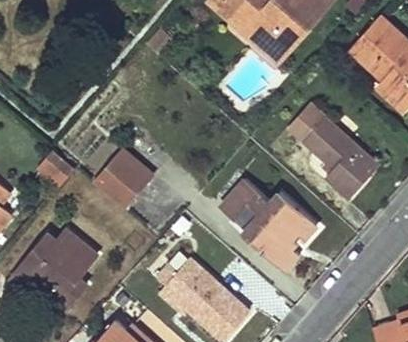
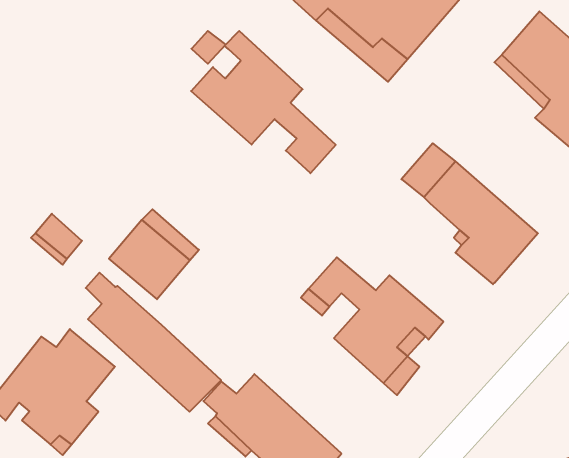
building: none -> [191,31,336,173]
building: none -> [86,273,221,412]

